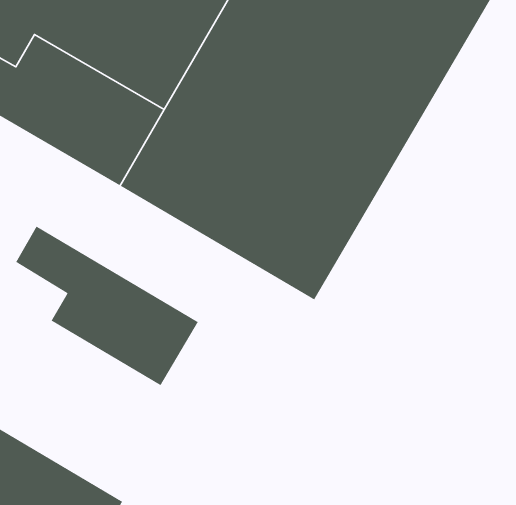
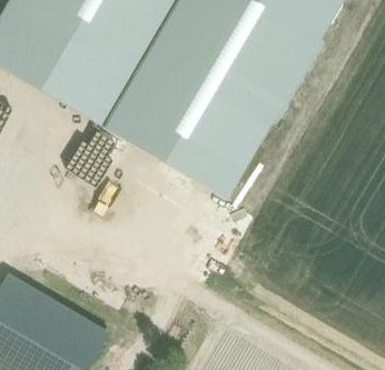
building: [15,226,199,386] -> none

